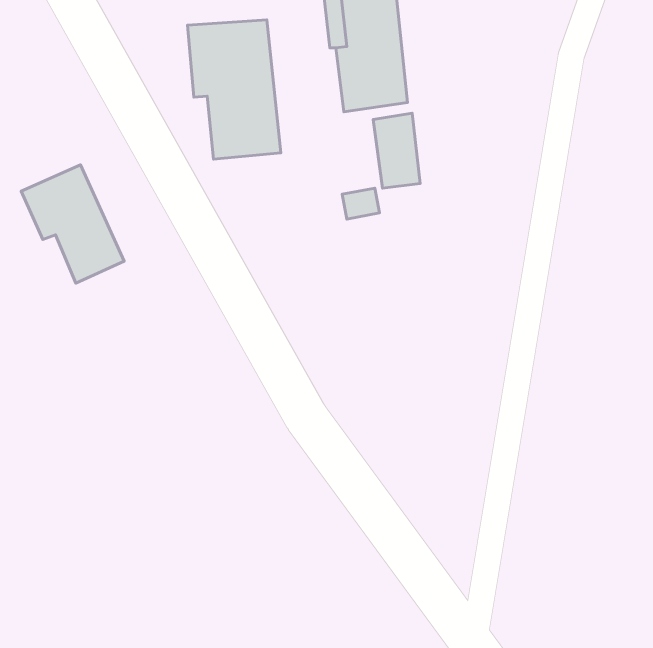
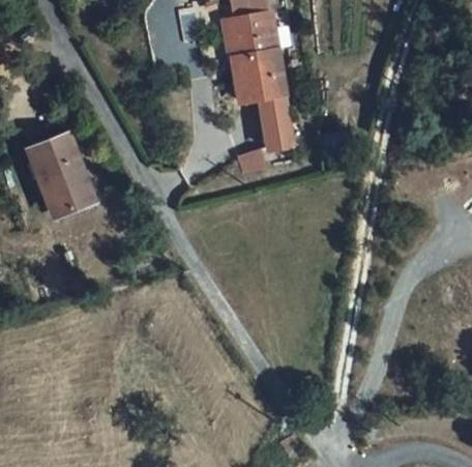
building: [187,20,281,159] -> none

